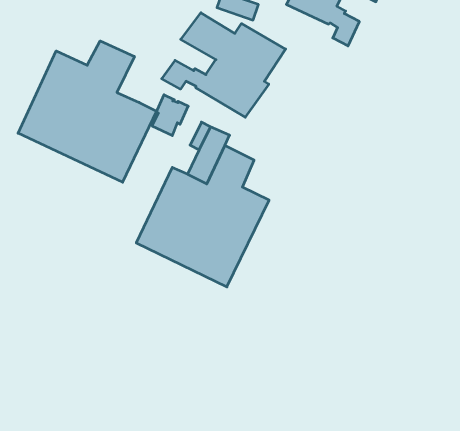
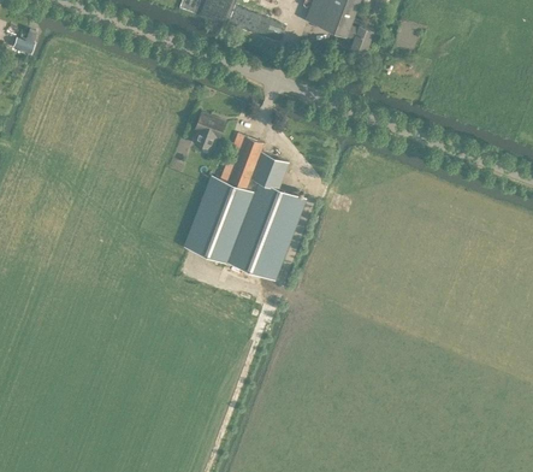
building: [162,13,286,117] -> none
building: [18,41,156,182] -> none

